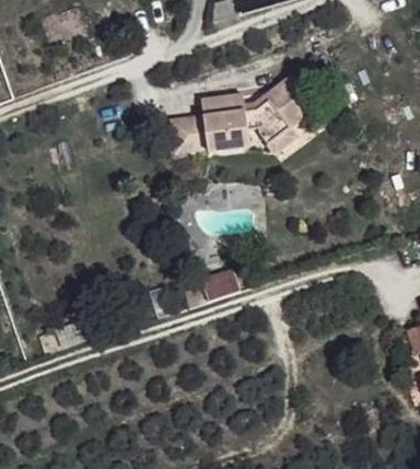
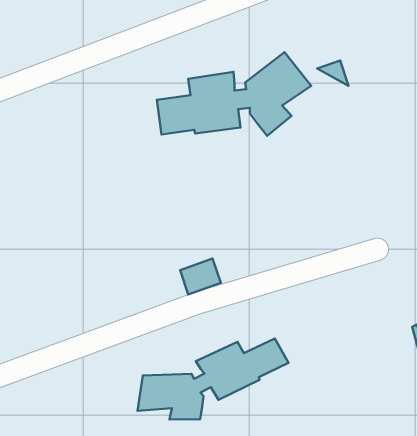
building: none -> [137,338,289,420]

